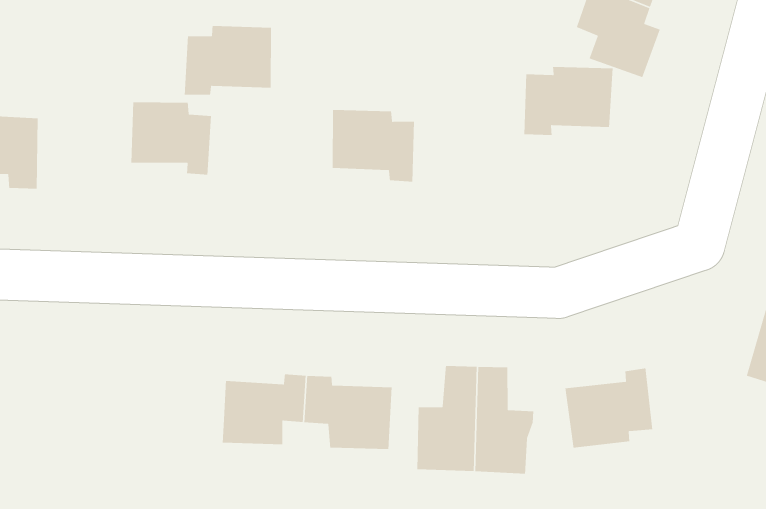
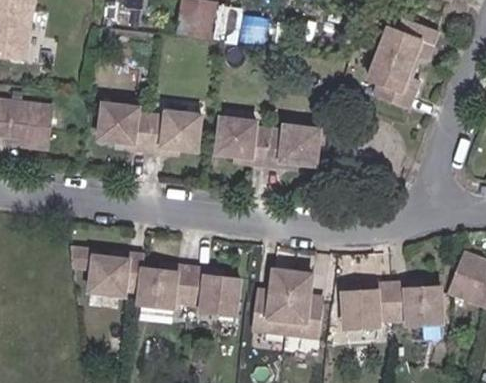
building: [184,25,272,96] -> [143,107,198,148]
building: [524,66,613,136] -> [263,122,319,163]
building: none -> [70,249,144,295]
building: none -> [391,281,442,323]

